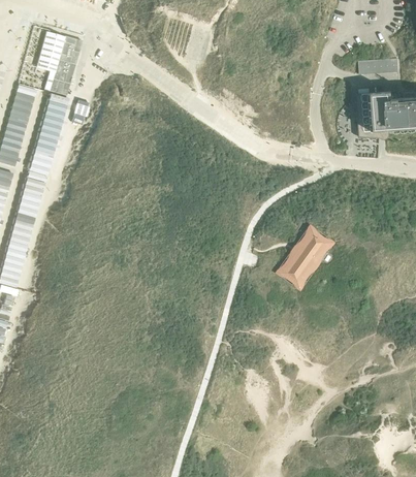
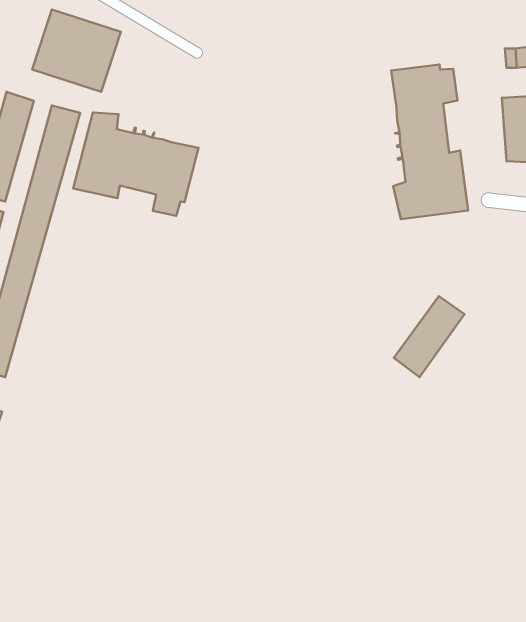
building: none -> [391,64,468,219]
building: none -> [73,113,198,216]

